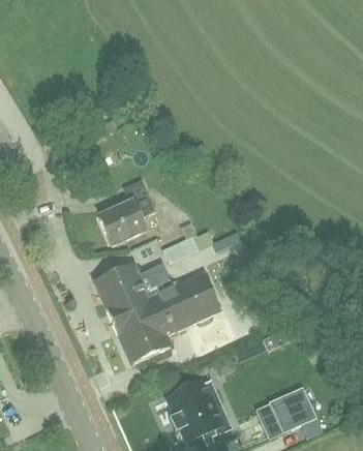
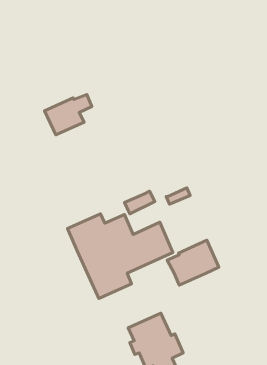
building: [98,197,155,245] -> [45,94,92,135]
building: [254,386,316,440] -> [167,240,219,285]

